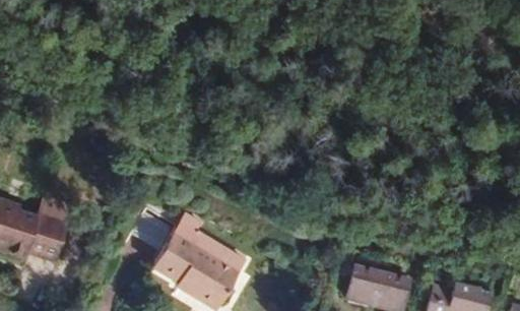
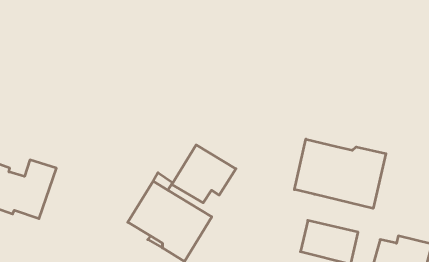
building: none -> [294,139,386,208]
building: none -> [172,145,236,203]

